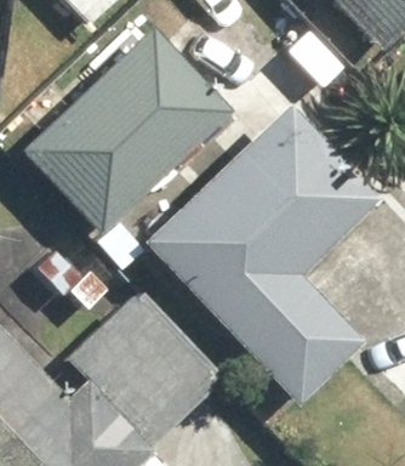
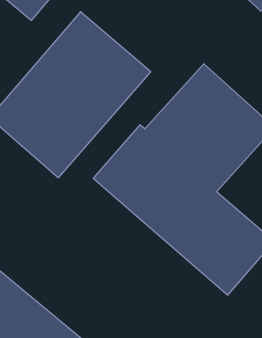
building: [89,299,221,432] -> none

